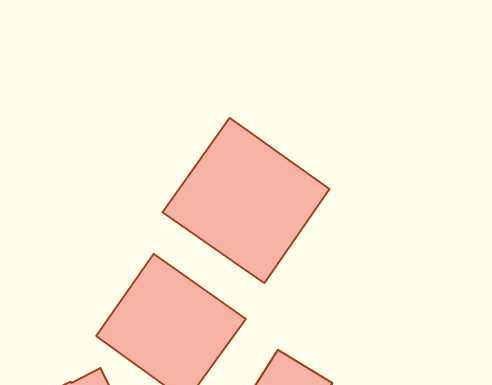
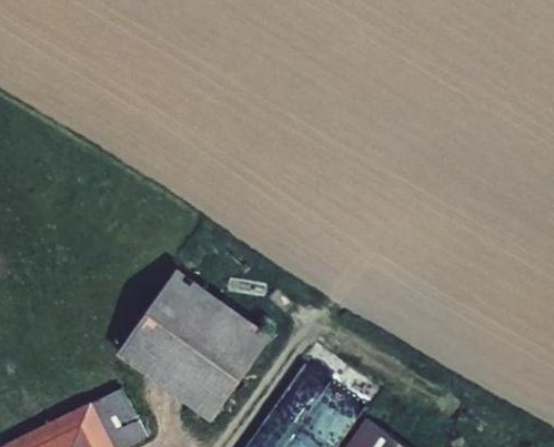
building: [163,118,329,283] -> none

